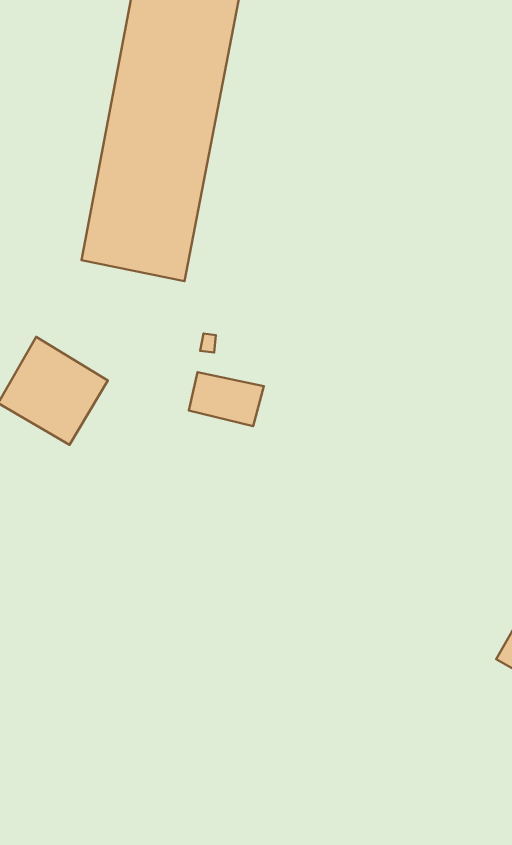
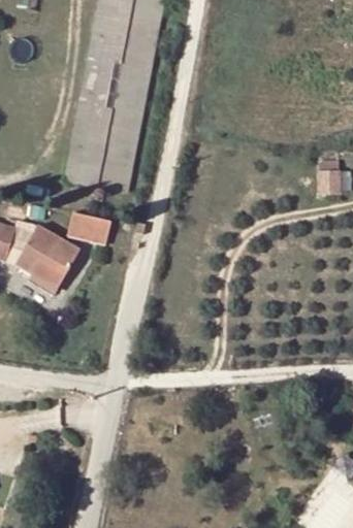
building: [189,372,264,426] -> [67,211,111,243]

